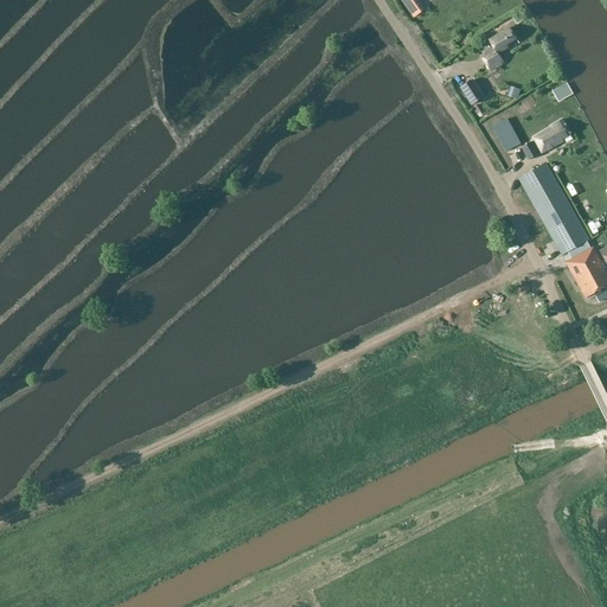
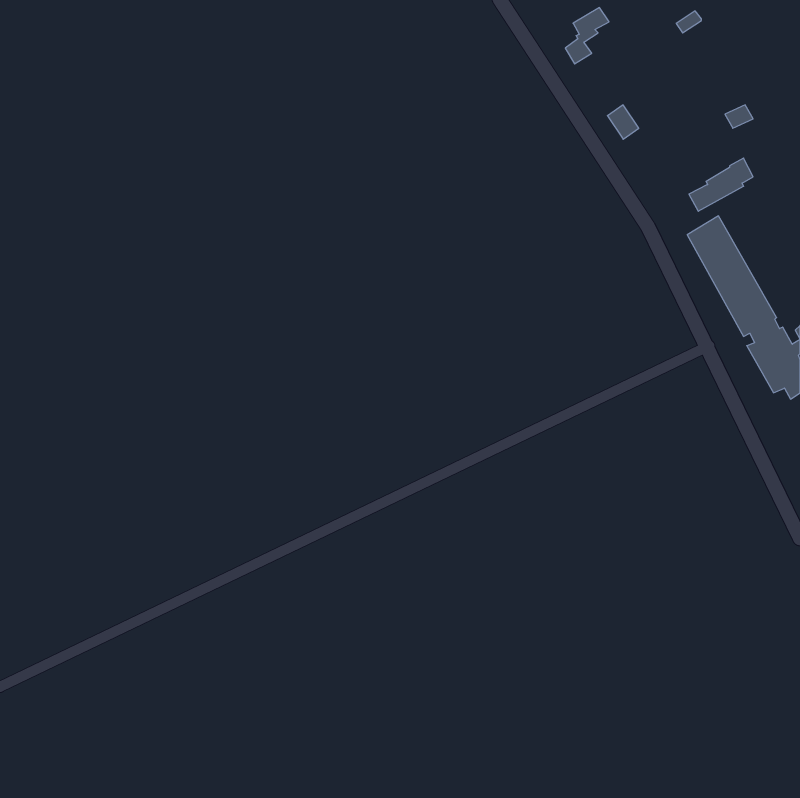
building: [484,28,517,71] -> [565,8,609,64]
building: [488,113,520,152] -> none

